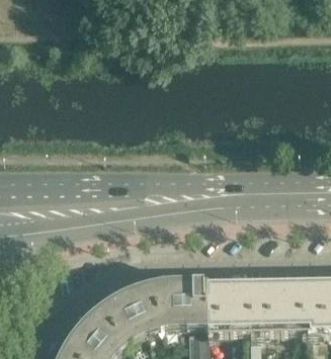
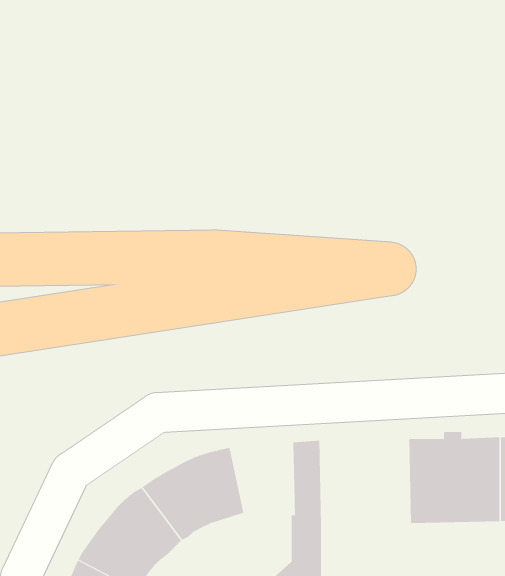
building: [205,274,258,328] -> none
building: [153,279,190,322] -> none

